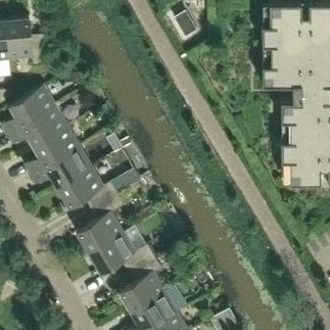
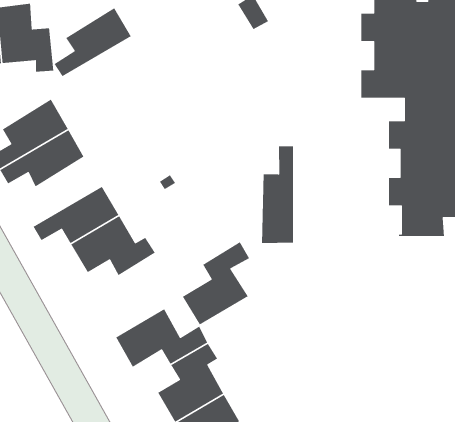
building: none -> [261,146,294,244]
building: [25,126,80,175] -> [53,7,132,77]
building: [77,193,125,252] -> [182,241,250,326]

